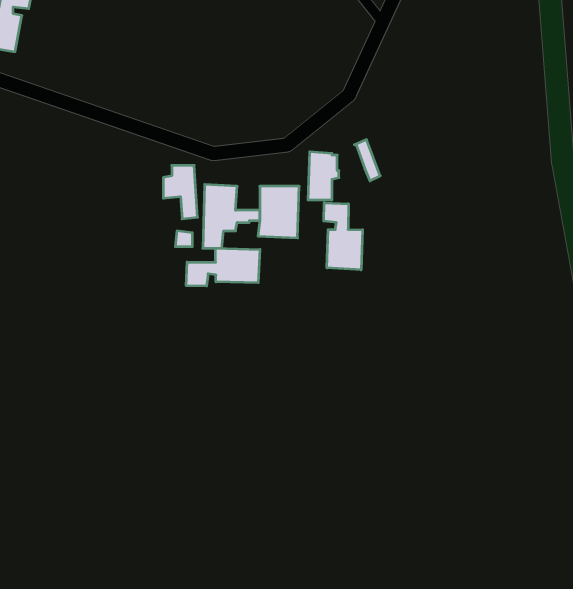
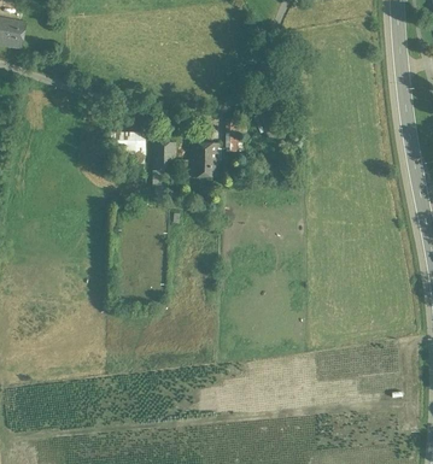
building: [324,203,363,270] -> none
building: [186,248,260,286] -> none

